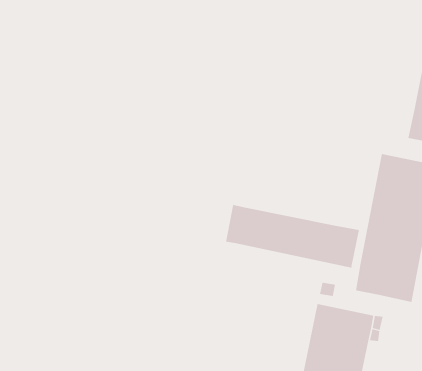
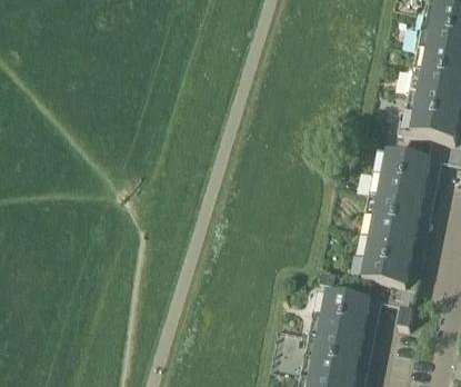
building: [225,204,360,268] -> none

